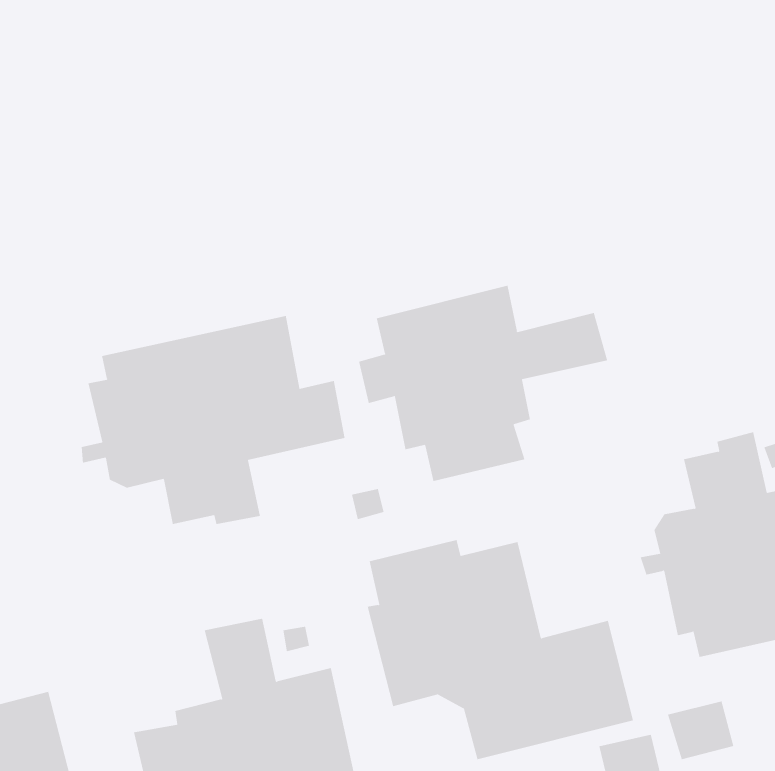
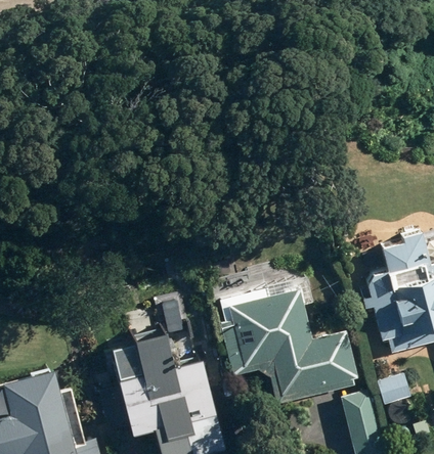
building: [359,285,608,482] -> none
building: [81,315,345,525] -> none

